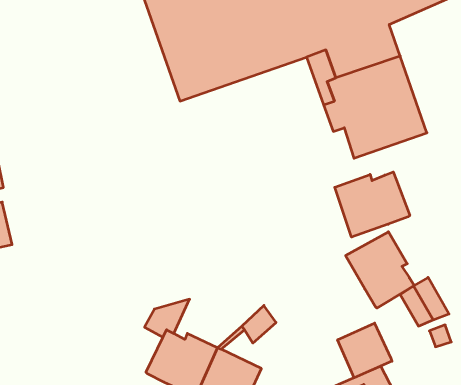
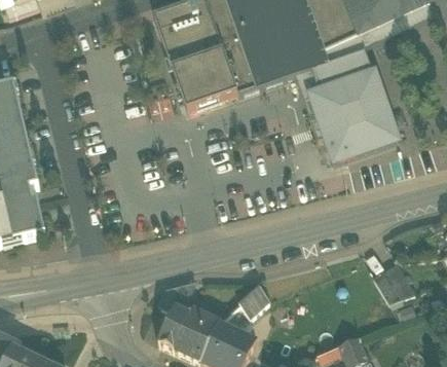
building: [335,172,410,237] -> none
building: [346,232,414,308] -> none
building: [338,323,392,378] -> none

